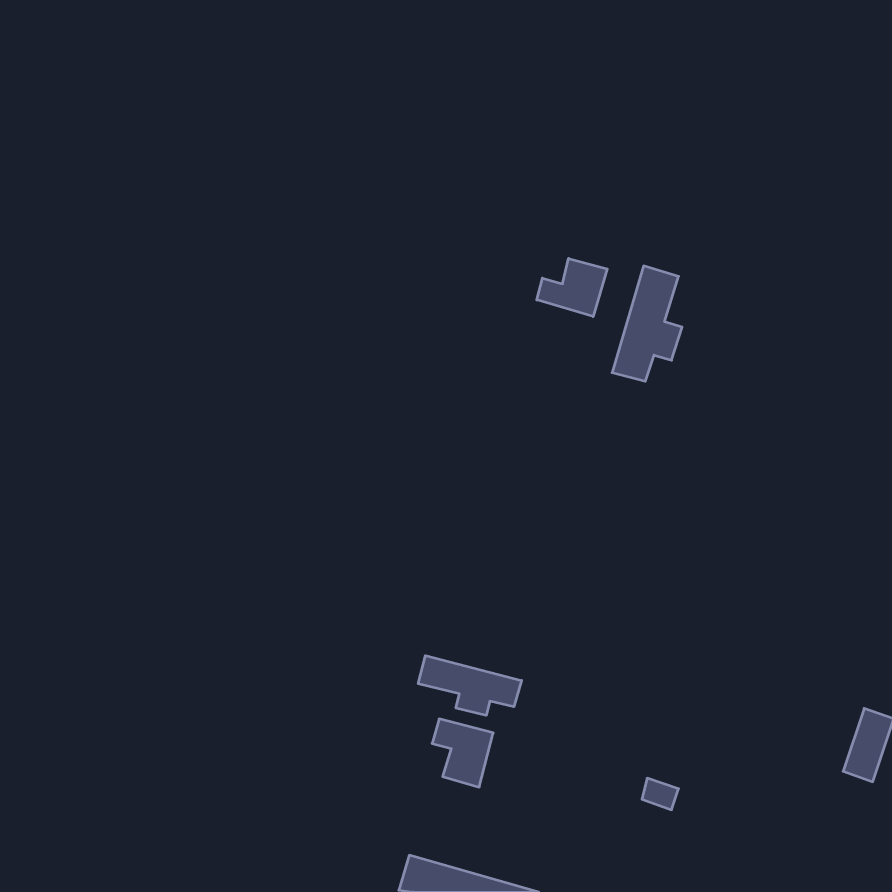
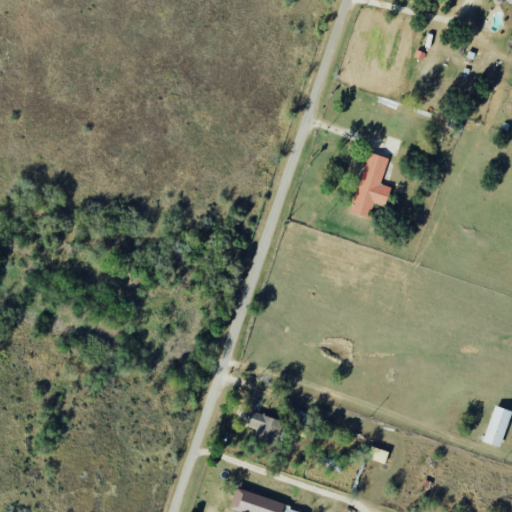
building: [537,258,607,317] -> none
building: [418,656,522,715] -> none

